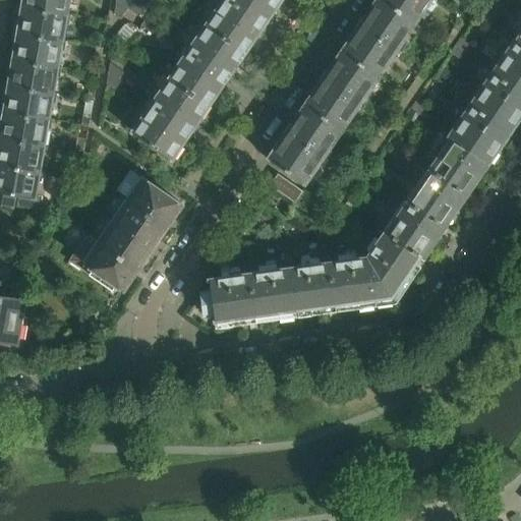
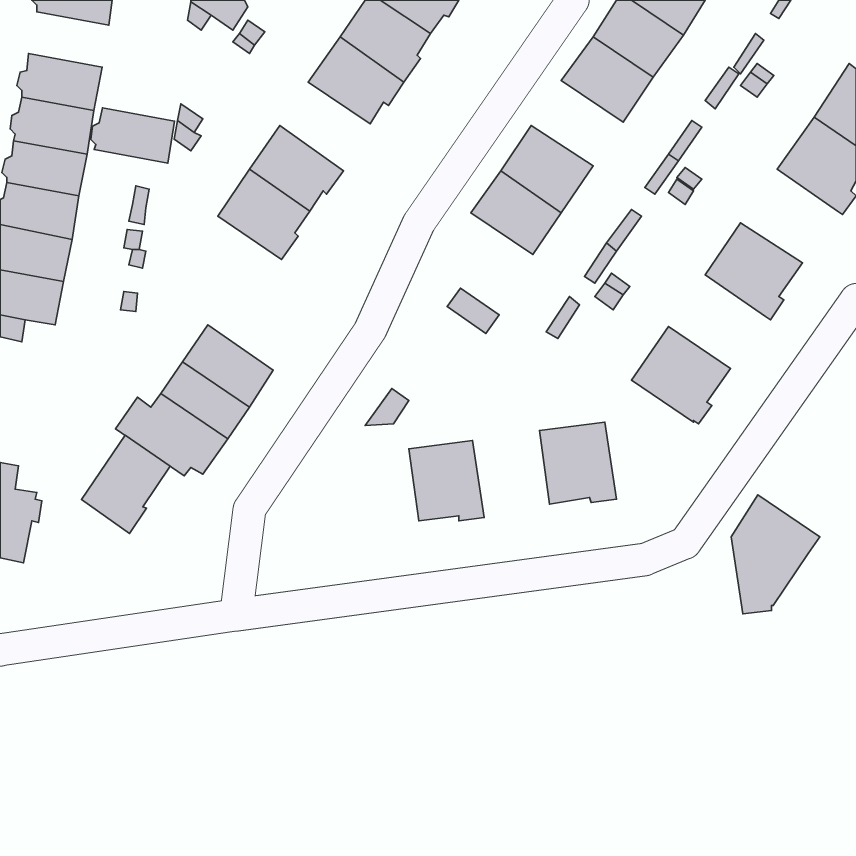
building: [15,7,66,41] -> [91,108,175,163]
building: [323,49,379,101] -> none
building: [170,50,225,104] -> none
building: [450,103,509,163] -> none
building: [268,129,324,182] -> none
building: [406,167,465,226] -> none
building: [118,170,181,225] -> none
building: [367,231,421,303] -> [731,495,820,614]
building: [287,262,334,314] -> none
building: none -> [82,435,170,534]
building: [201,273,254,326] -> none

